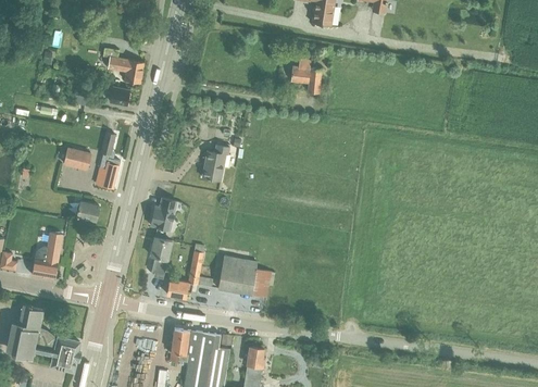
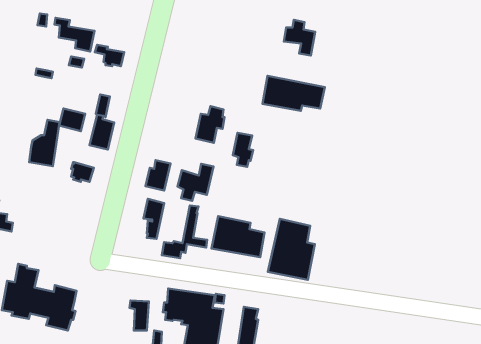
building: [103,49,143,83] -> [55,18,95,51]
building: none -> [262,76,325,111]
building: none -> [233,133,253,167]
building: none -> [177,164,213,201]
building: [32,232,62,278] -> [29,120,59,166]
building: none -> [268,219,315,280]

